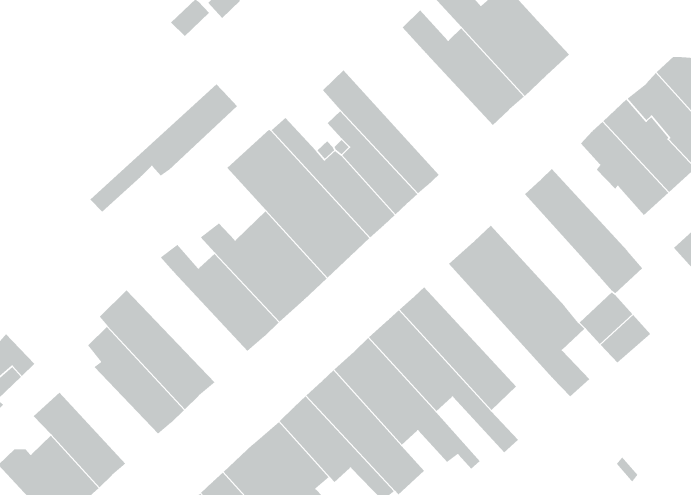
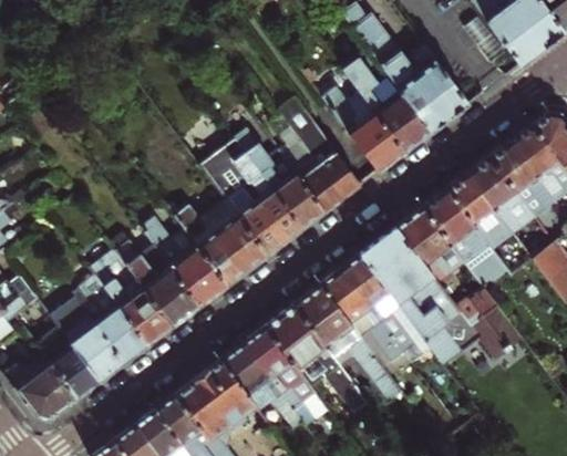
building: none -> [322,87,405,172]
building: [90,83,238,212] -> none
building: none -> [447,172,520,257]
building: none -> [396,206,475,294]
building: none -> [341,253,432,364]
building: none -> [112,235,202,327]
building: none -> [51,289,127,382]

